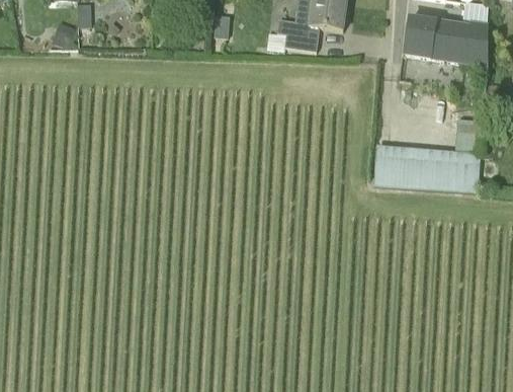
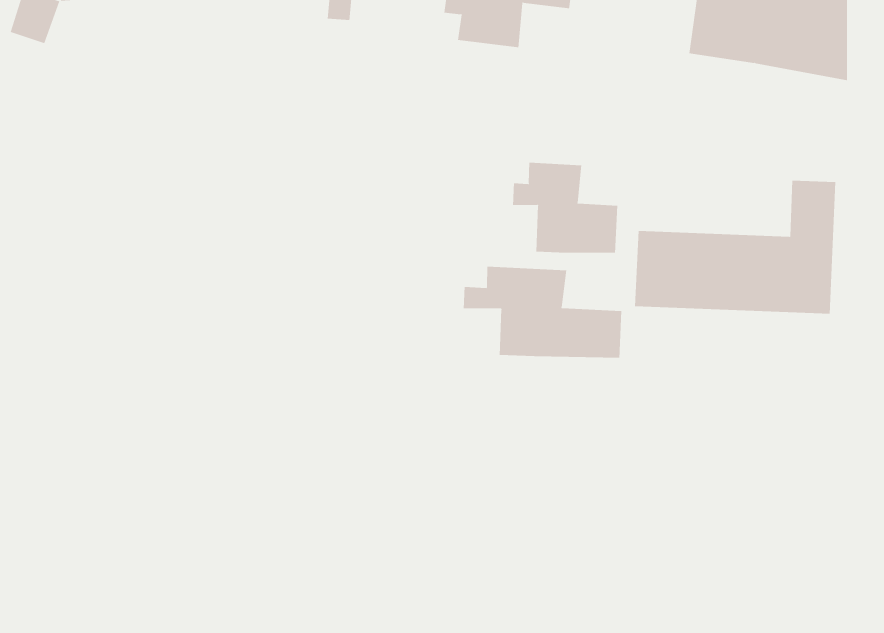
building: none -> [513,162,618,254]
building: none -> [463,266,622,359]

